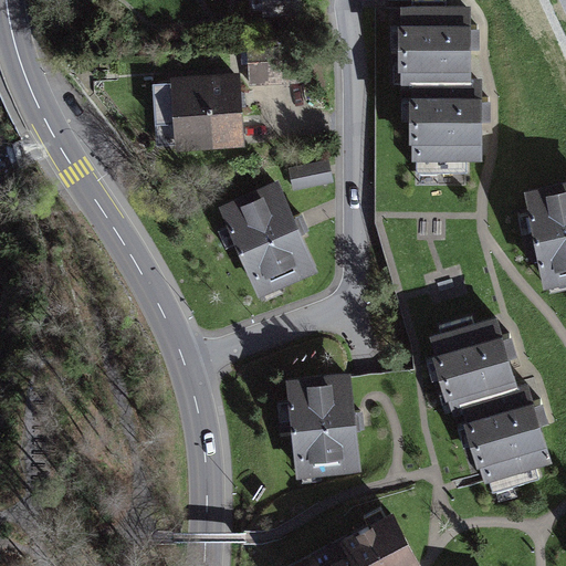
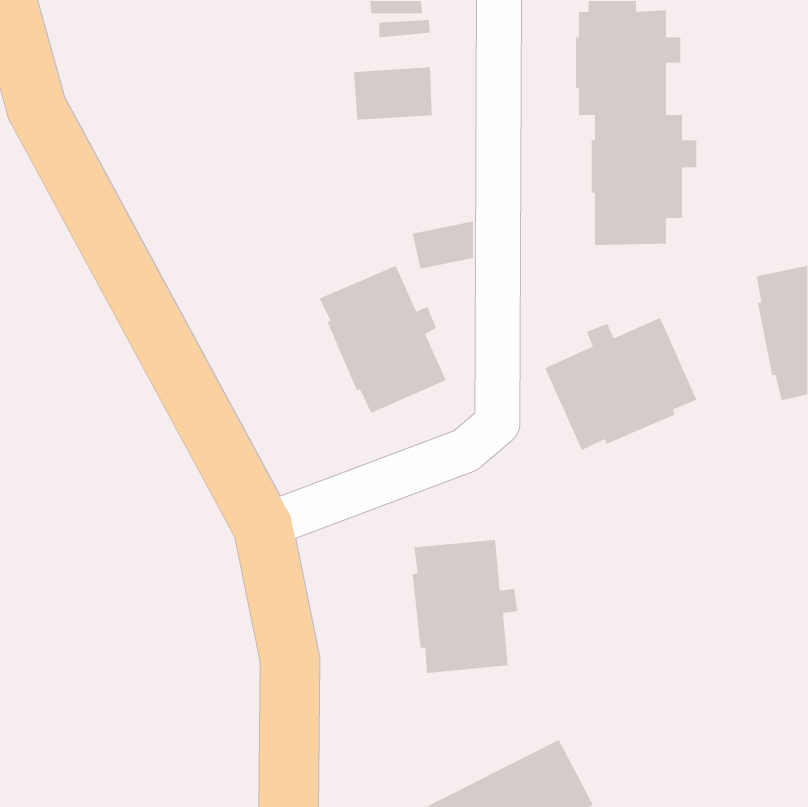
building: [150,78,240,146] -> none
building: none -> [544,317,698,451]
building: [433,318,545,492] -> none

